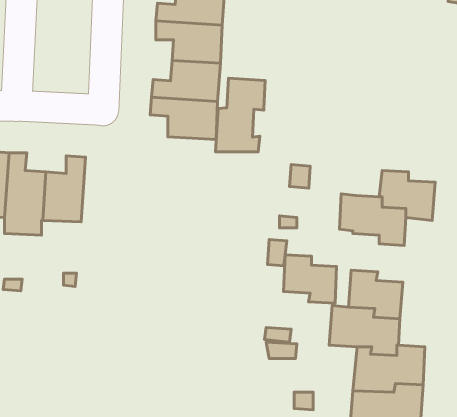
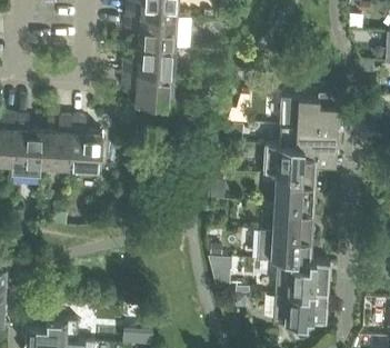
building: [215,78,265,152] -> none
building: none -> [297,100,338,139]
building: none -> [69,120,101,171]
building: [284,255,336,303] -> [273,178,313,215]

